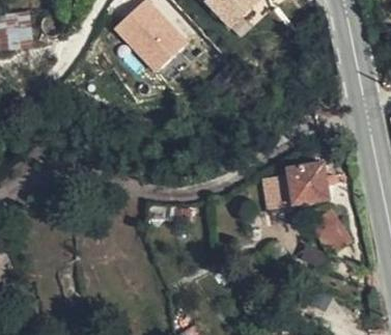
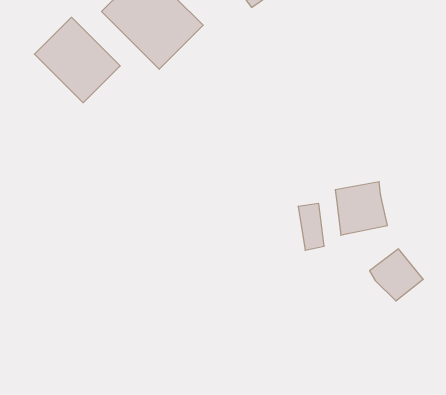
building: none -> [34,17,120,103]

